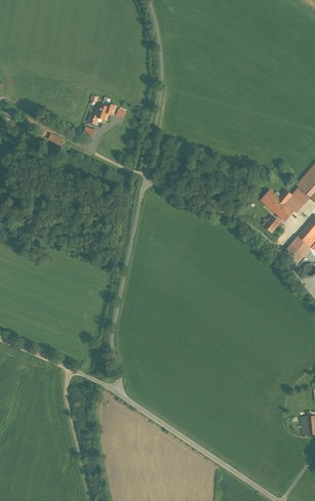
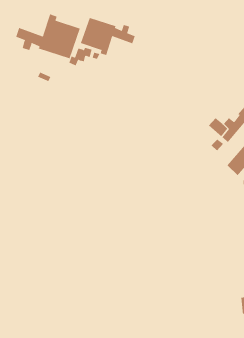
building: none -> [15,14,81,59]
building: none -> [80,17,135,56]

